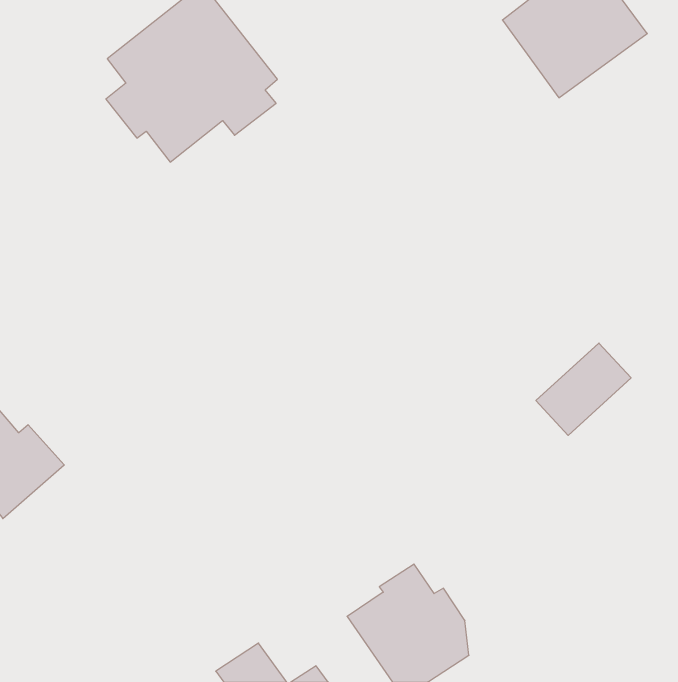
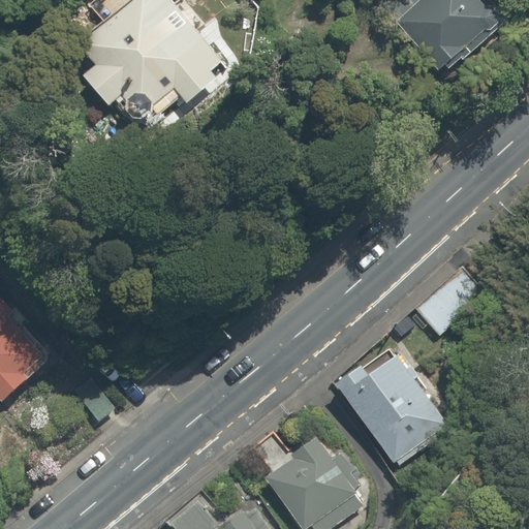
building: none -> [339,344,448,461]

